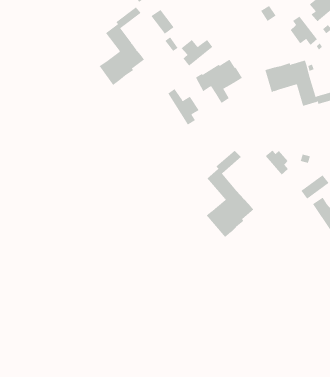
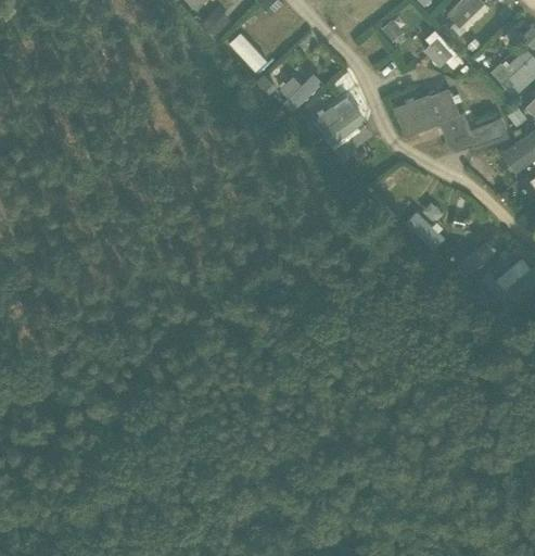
building: [99,7,145,86] -> none
building: [167,88,199,125] -> none
building: [206,150,254,238] -> none

